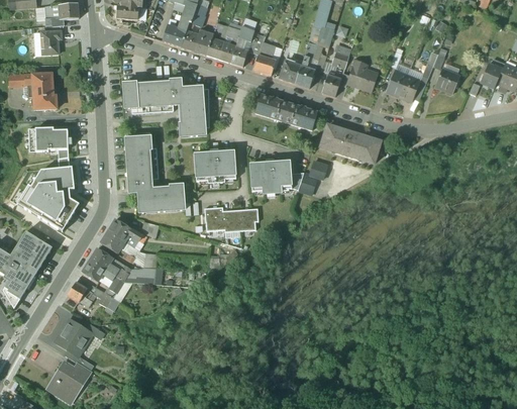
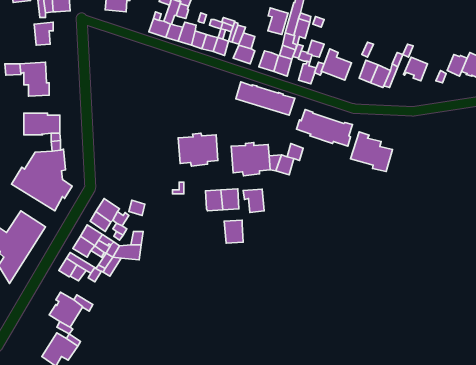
building: none -> [268,8,288,35]
building: [123,78,209,136] -> none
building: [125,131,185,212] -> none
building: none -> [350,132,392,172]
building: [204,206,224,230] -> [224,220,243,243]
building: none -> [243,189,264,213]

